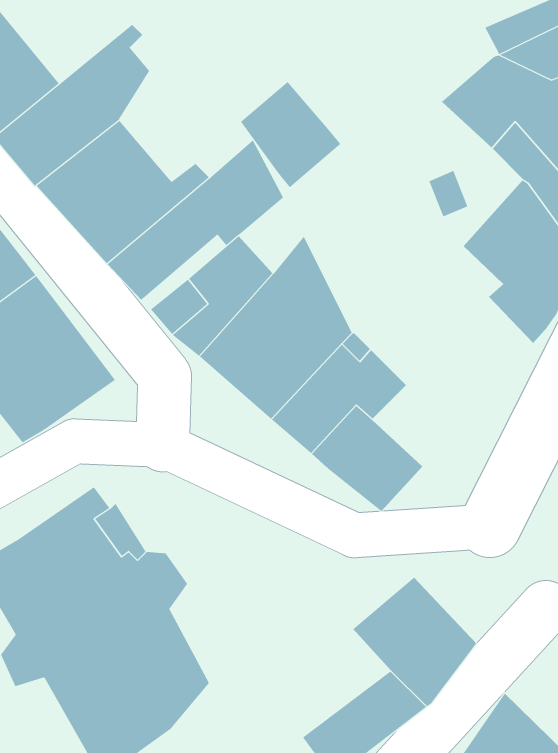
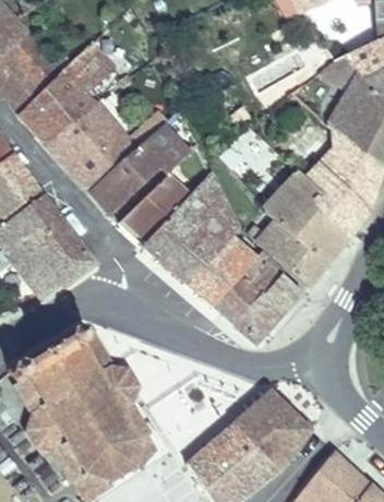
building: [240,81,341,188] -> none
building: none -> [253,177,349,288]
building: none -> [252,266,302,315]
building: none -> [192,414,263,479]

